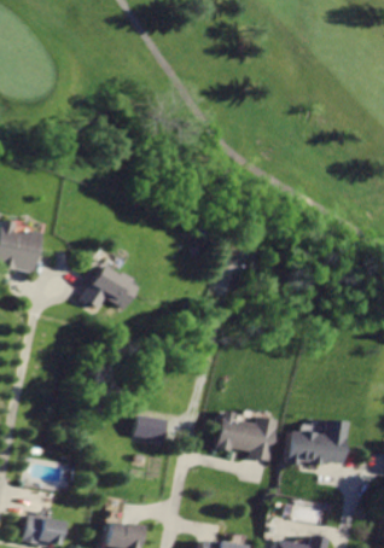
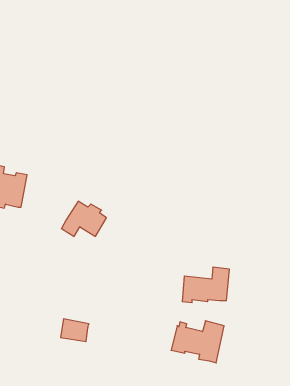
building: [134,413,169,441] -> [61,319,89,342]
building: [289,420,347,464] -> [182,267,229,303]

